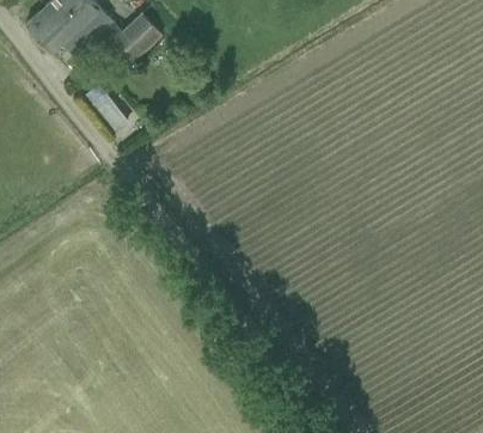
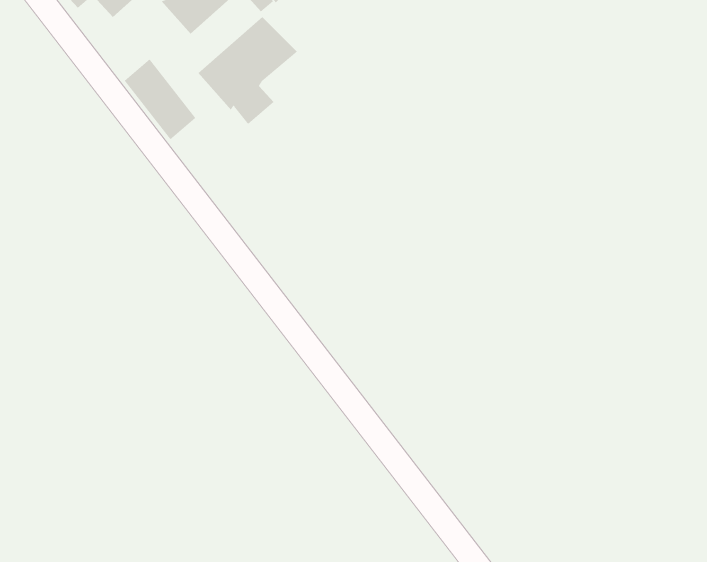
building: none -> [198,16,298,125]

